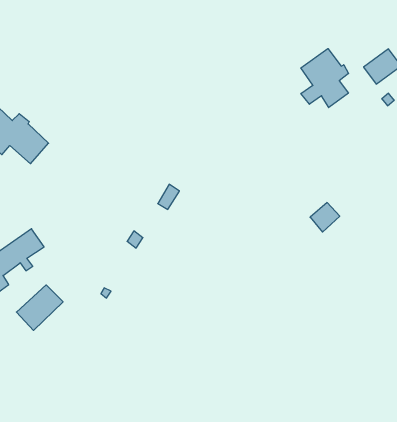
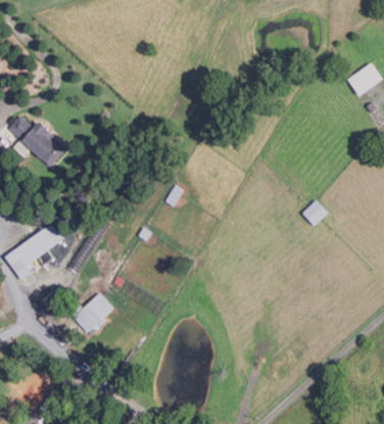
building: [301,49,349,108] -> none
building: [16,285,63,330] -> [71,293,113,334]

